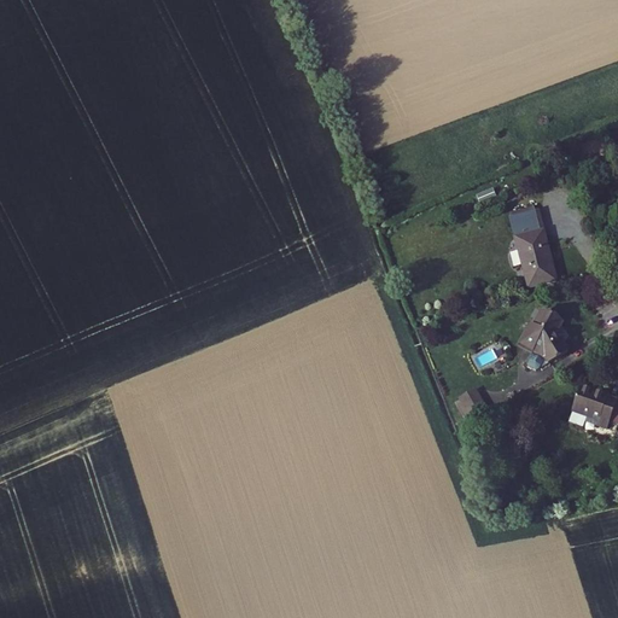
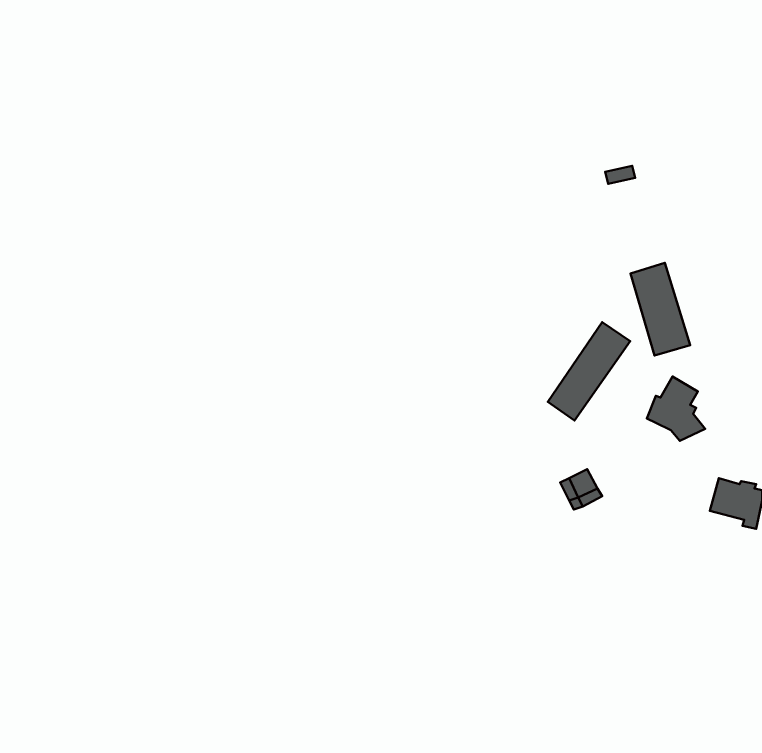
building: none -> [548,322,630,421]

